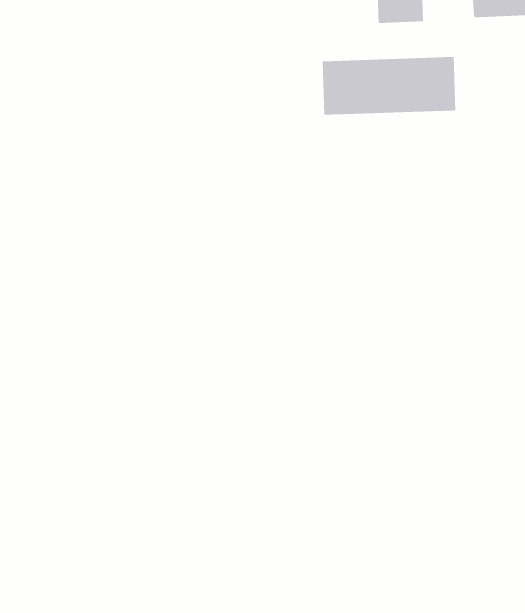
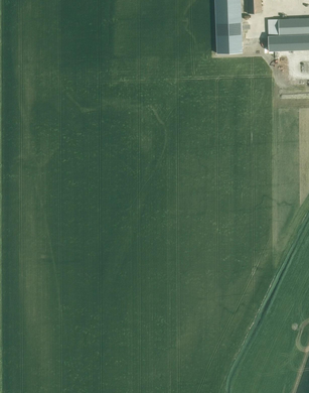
building: [322,56,456,116] -> none

